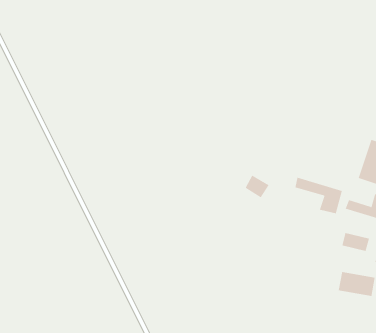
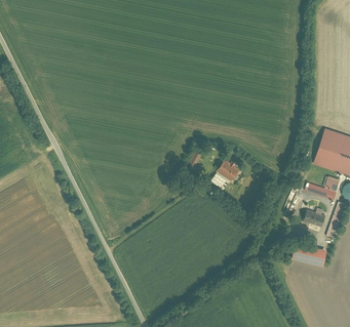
building: [295,177,342,214] -> none

